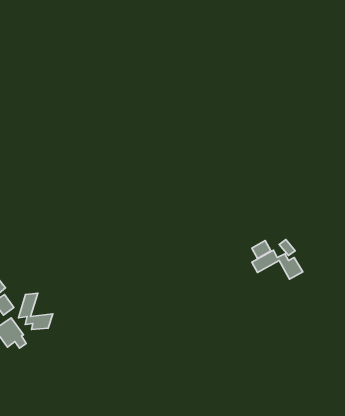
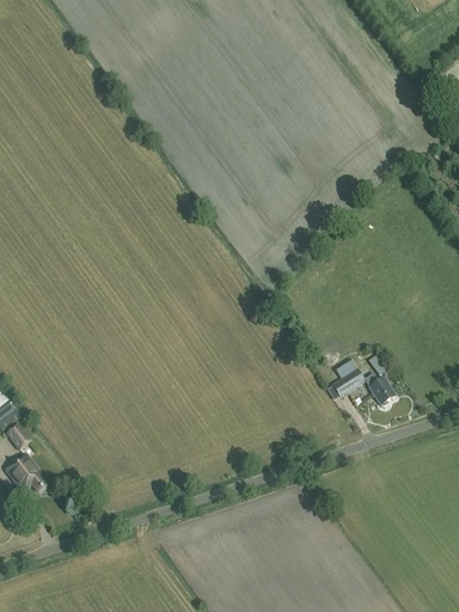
building: [18,293,53,329] -> none

